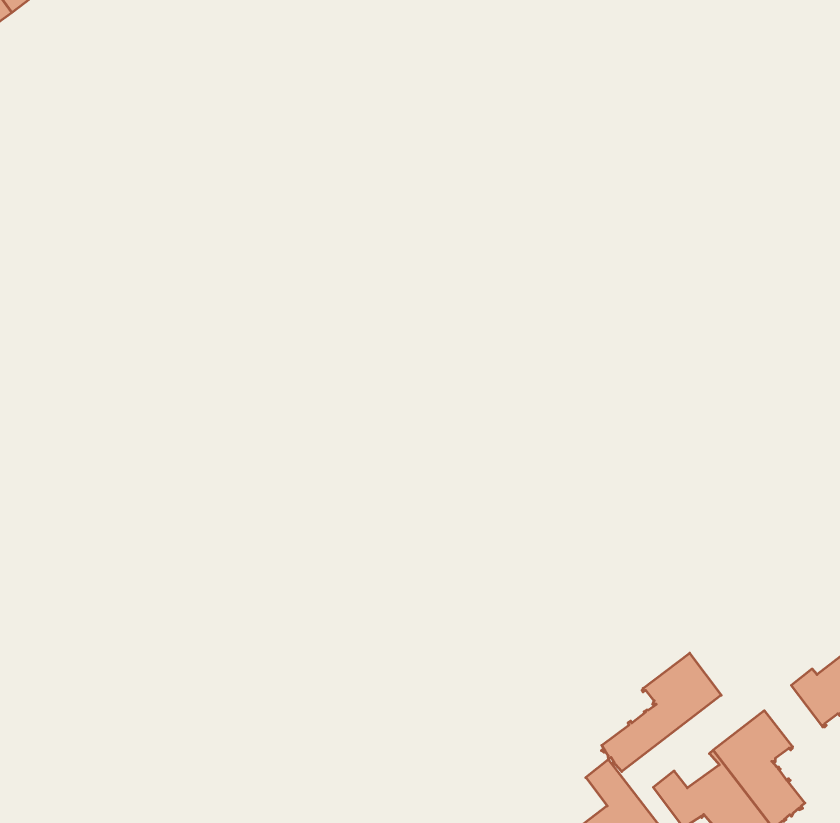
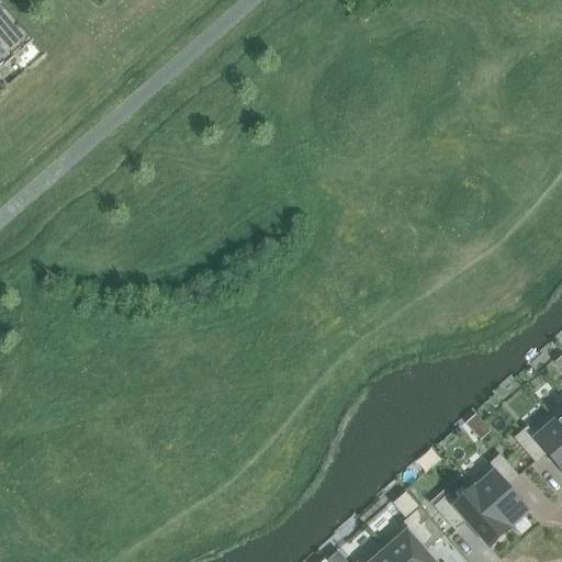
building: [601,653,721,772] -> none

